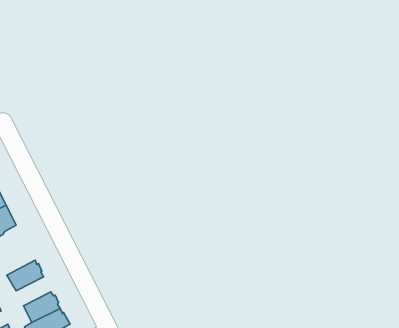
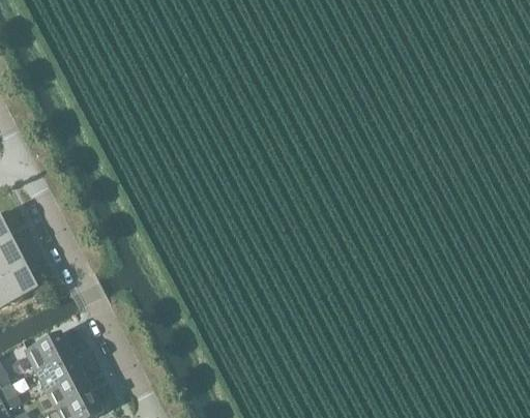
building: none -> [36,352,80,388]

